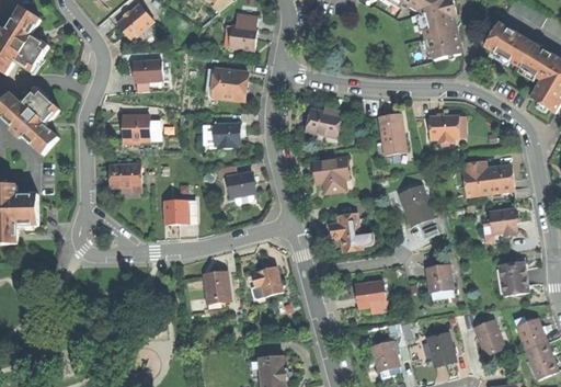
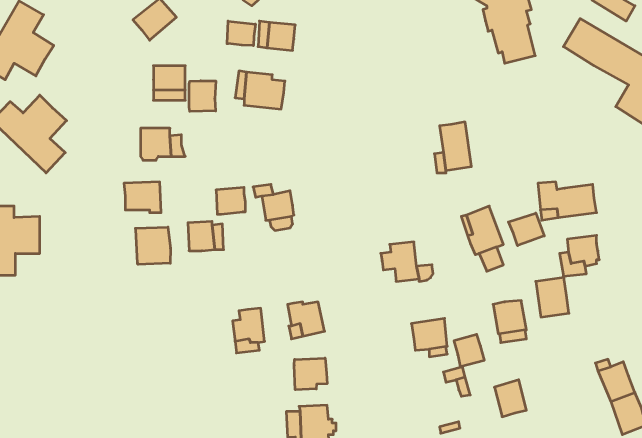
building: none -> [227,21,255,46]
building: none -> [189,81,216,111]
building: [307,106,342,137] -> none
building: [431,115,457,141] -> none
building: [215,121,240,144] -> [216,187,245,214]
building: [314,157,348,192] -> none
building: none -> [508,213,544,246]
building: none -> [135,227,170,264]
building: [500,261,528,295] -> [536,278,569,317]
building: none -> [294,358,327,390]
building: [474,319,505,355] -> none
building: [371,342,398,369] -> [454,334,484,366]

